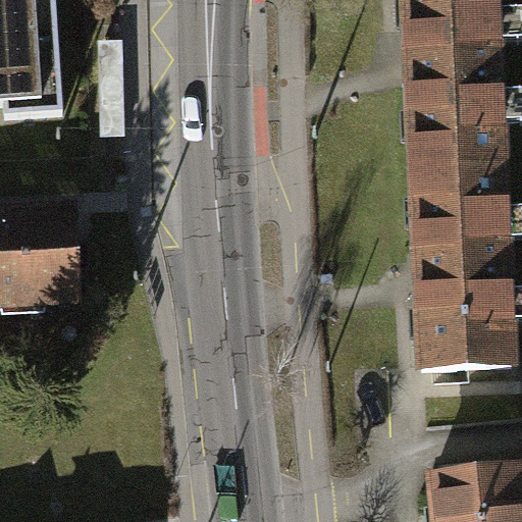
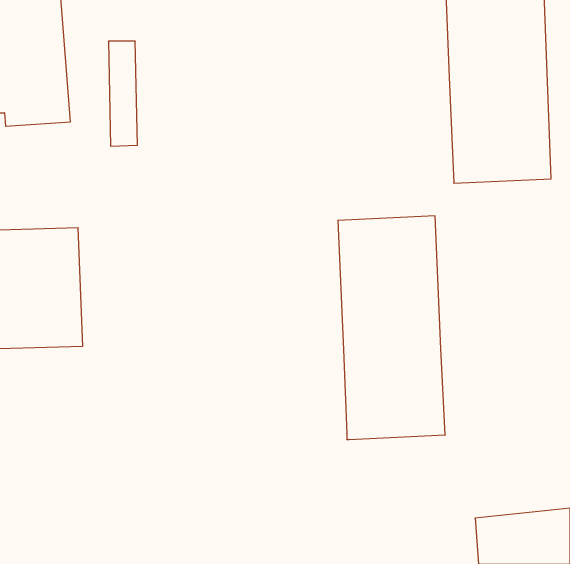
building: [414,163,512,367] -> [338,216,445,439]

